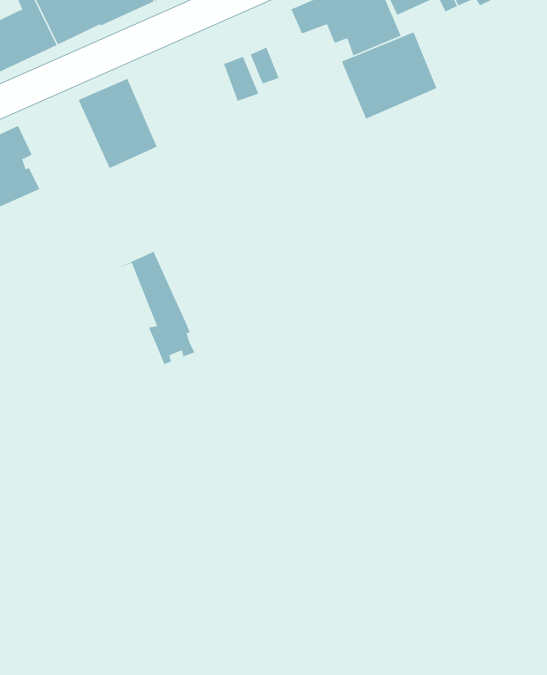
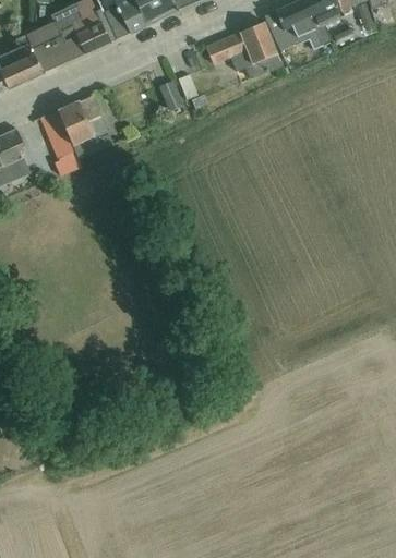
building: [341,31,437,119] -> none
building: [120,251,195,365] -> [33,109,85,189]

